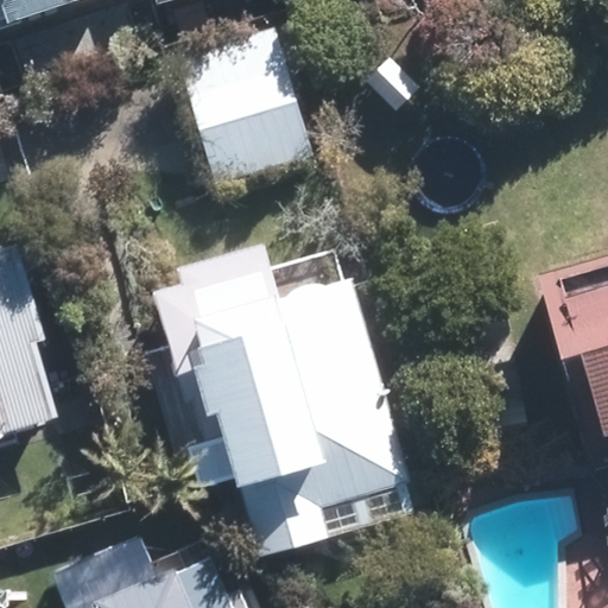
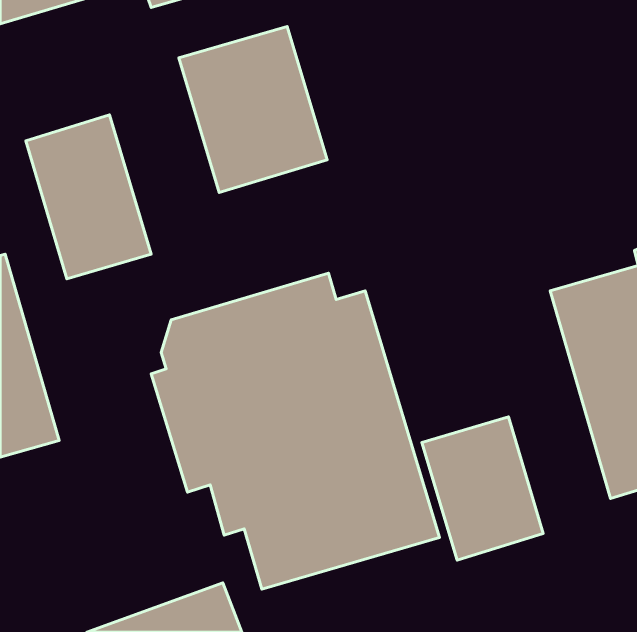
building: none -> [26,115,151,279]
building: none -> [422,417,543,560]

